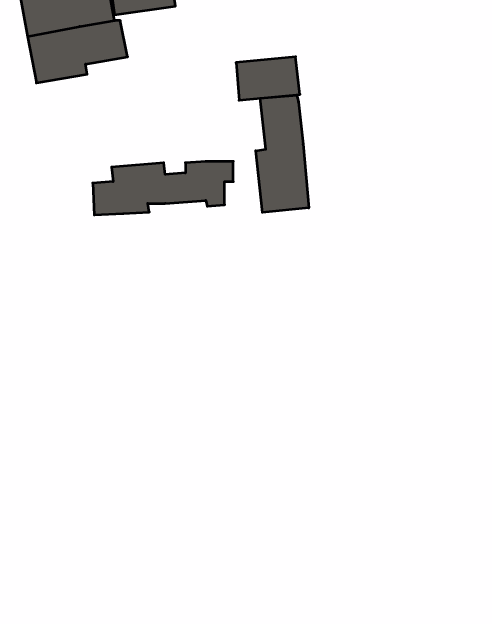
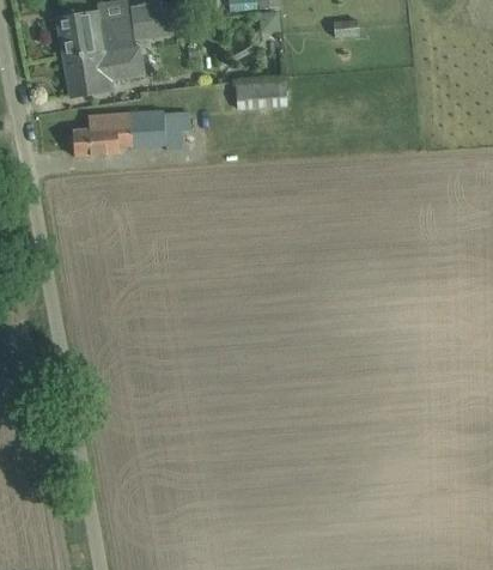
building: [256,95,309,212] -> none
building: [93,161,233,215] -> [72,111,188,156]

